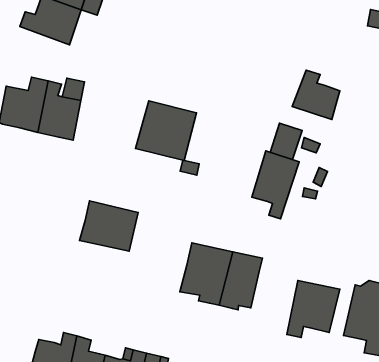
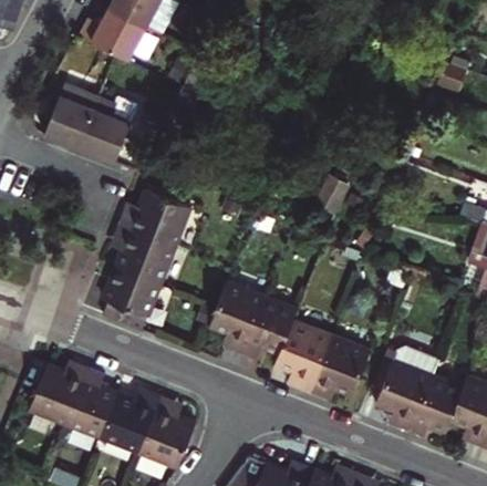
building: [292,70,340,119] -> none
building: [136,101,196,160] -> [124,178,193,246]
building: [252,151,299,219] -> none
building: none -> [93,266,157,327]
building: none -> [272,325,328,395]

